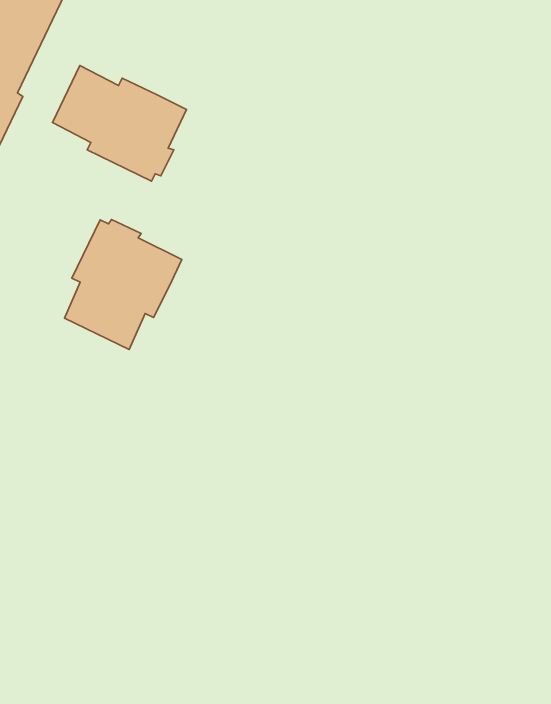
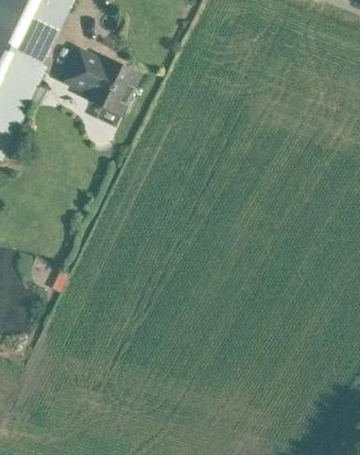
building: [64,220,182,350] -> none

